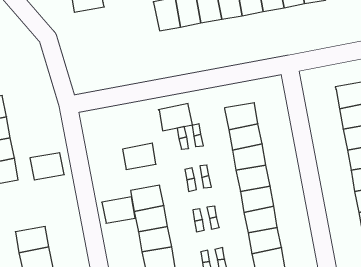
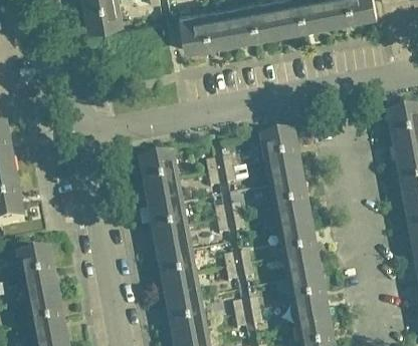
building: [158,104,193,131] -> [140,155,179,187]
building: [30,153,64,180] -> [17,250,56,281]
building: [102,197,135,223] -> [149,204,187,234]

